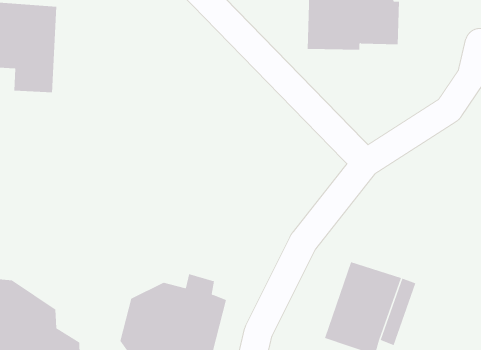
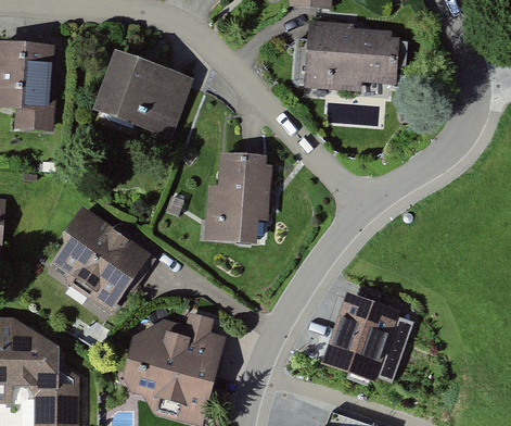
building: none -> [95,52,192,135]
building: none -> [201,152,273,246]
building: none -> [46,206,150,312]

